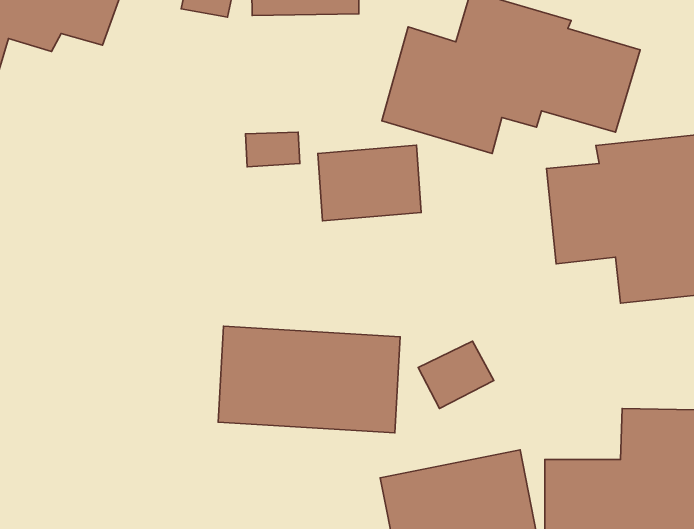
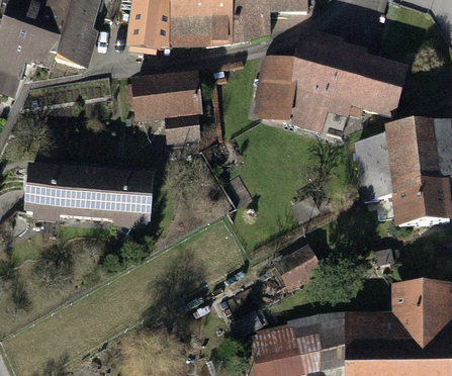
building: [318,145,421,221] -> [131,74,195,120]
building: none -> [28,169,154,226]
building: [218,326,400,433] -> none

